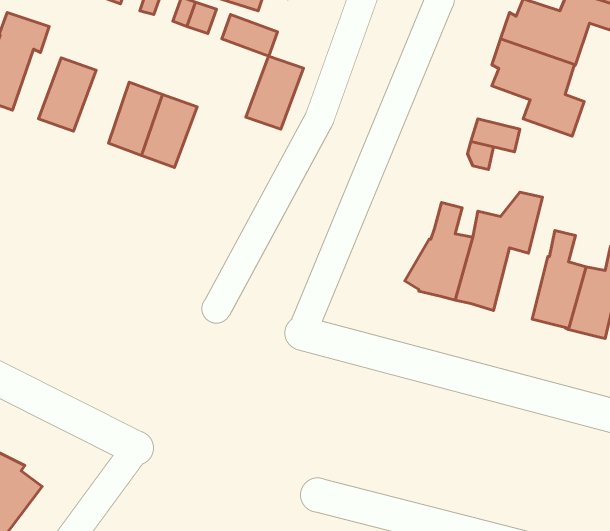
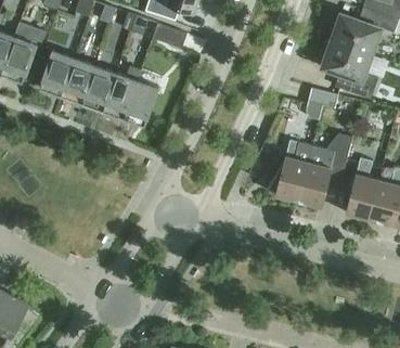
building: [246,56,303,129] -> [124,80,159,126]
building: none -> [61,57,95,103]

